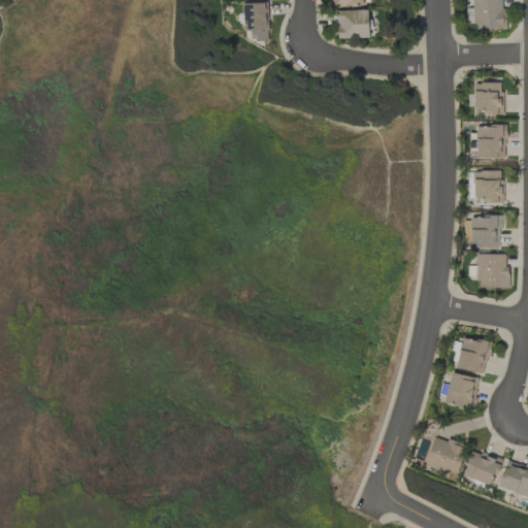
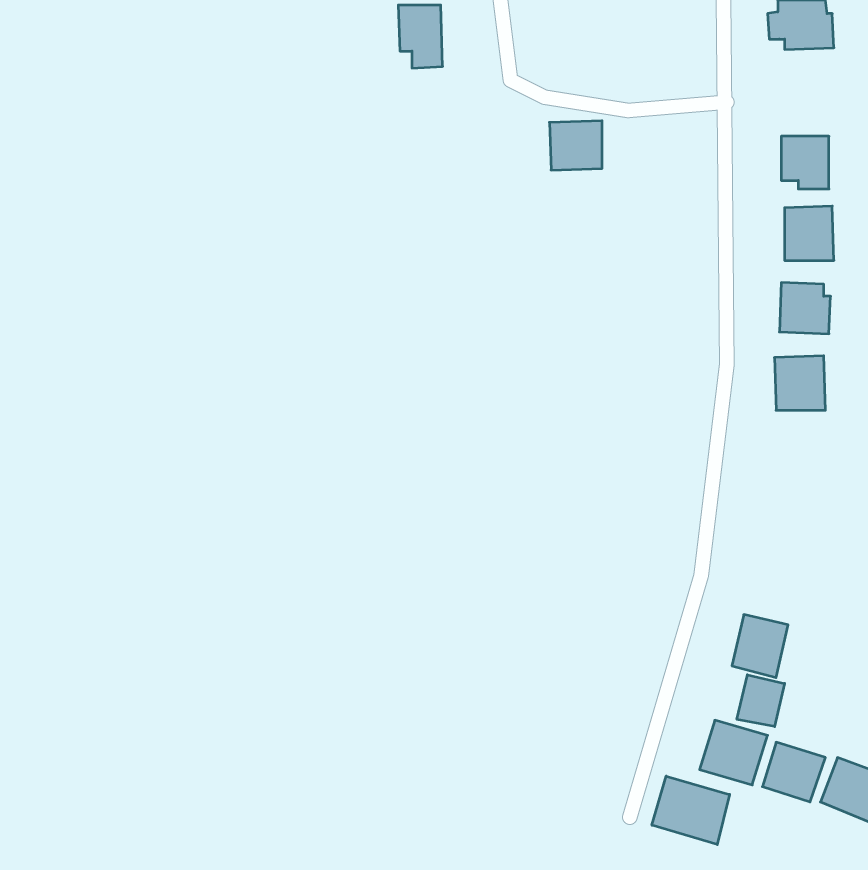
building: [337,9,369,39] -> [549,121,602,170]
building: [476,254,509,289] -> none
building: [456,336,492,374] -> none
building: none -> [737,675,785,727]
building: none -> [652,776,730,845]

